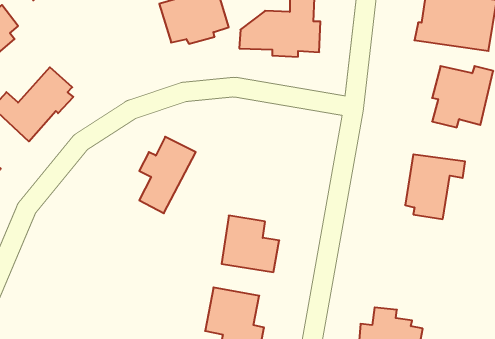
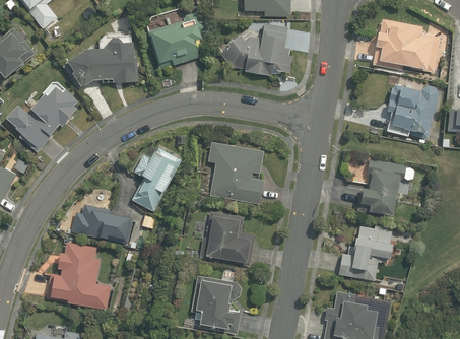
building: none -> [71,39,136,87]
building: none -> [207,141,263,204]
building: none -> [73,204,132,238]
building: none -> [340,224,395,280]
building: none -> [51,243,110,309]

